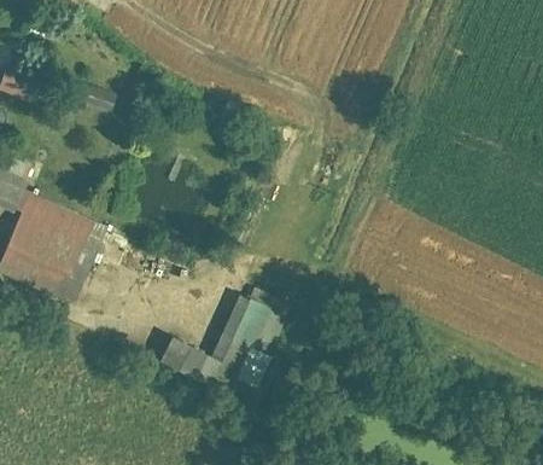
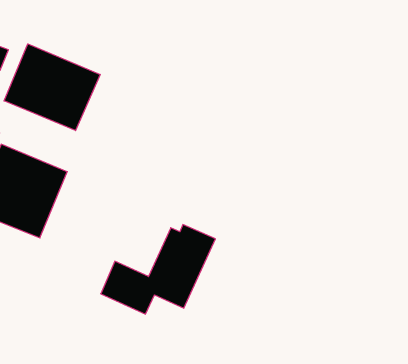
building: none -> [4,44,100,131]

